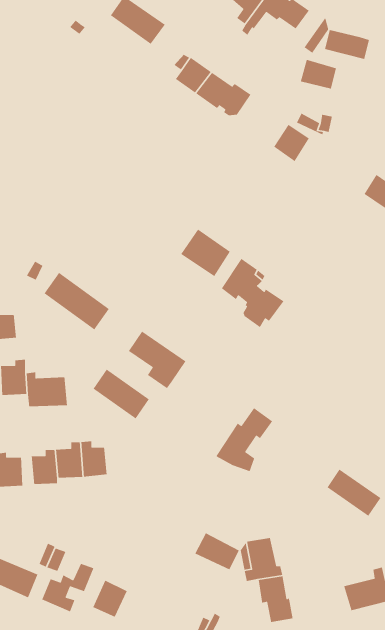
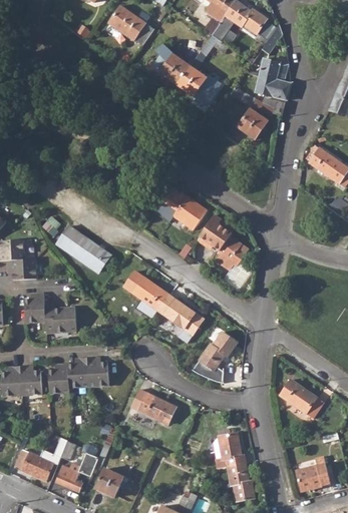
building: [324,29,370,60] -> [255,75,291,99]
building: [93,368,150,419] -> [158,295,204,335]
building: [194,532,240,570] -> [138,393,175,423]

